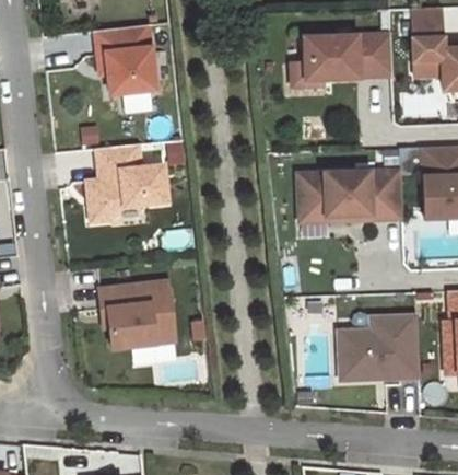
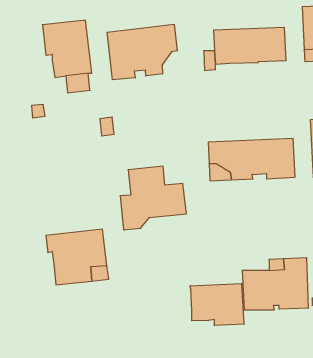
building: none -> [107,24,177,80]
building: [85,144,166,222] -> [120,166,186,230]
building: none -> [190,283,244,326]

